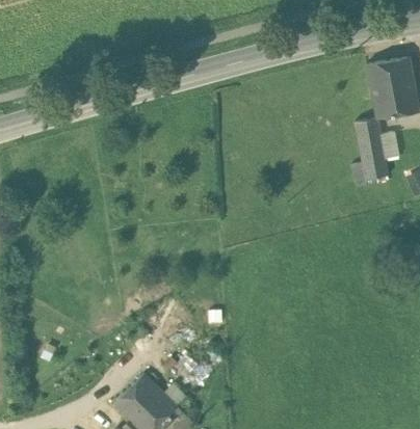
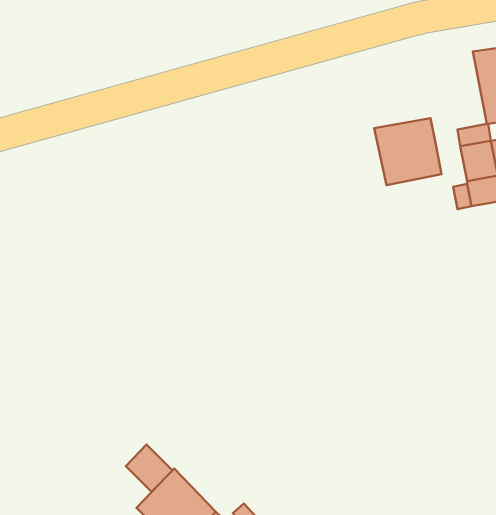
building: none -> [374,118,442,185]
building: none -> [126,445,172,492]

